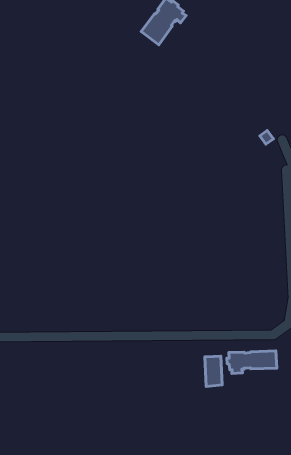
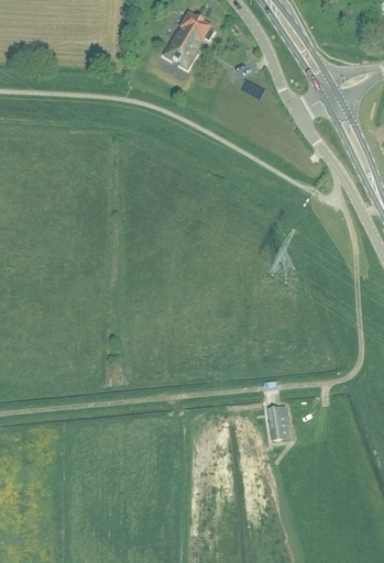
building: [227,351,277,373] -> none

